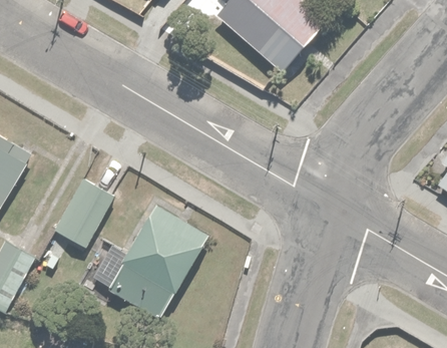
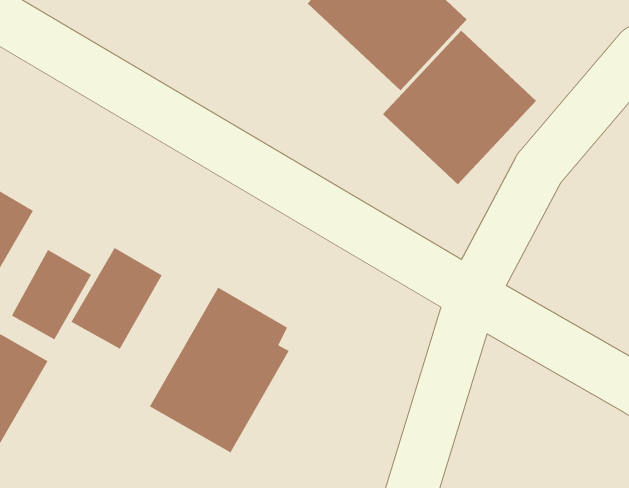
building: none -> [382,30,537,185]
building: none -> [11,249,92,340]

